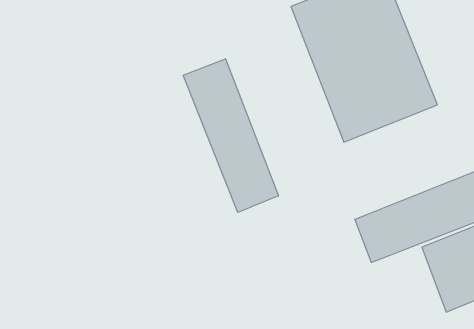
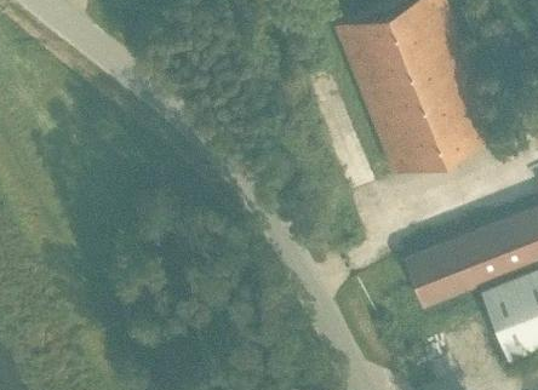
building: [183,59,279,212] -> none

